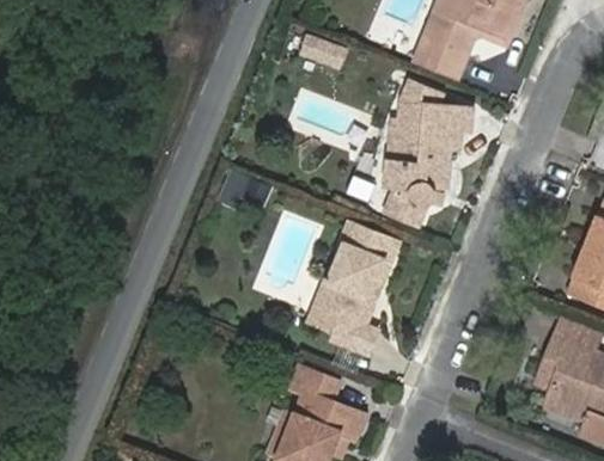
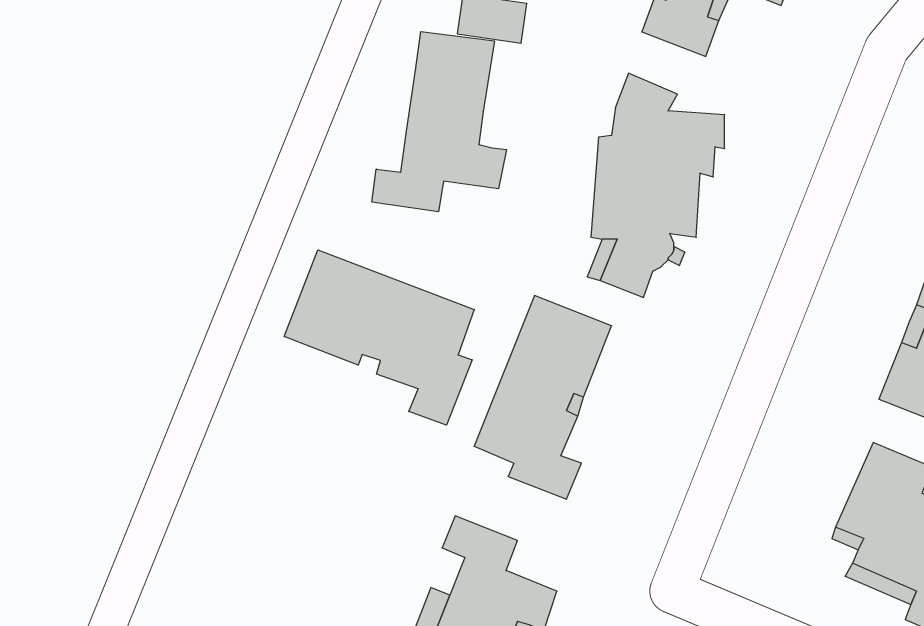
building: none -> [372,32,507,212]
building: none -> [284,250,474,425]

